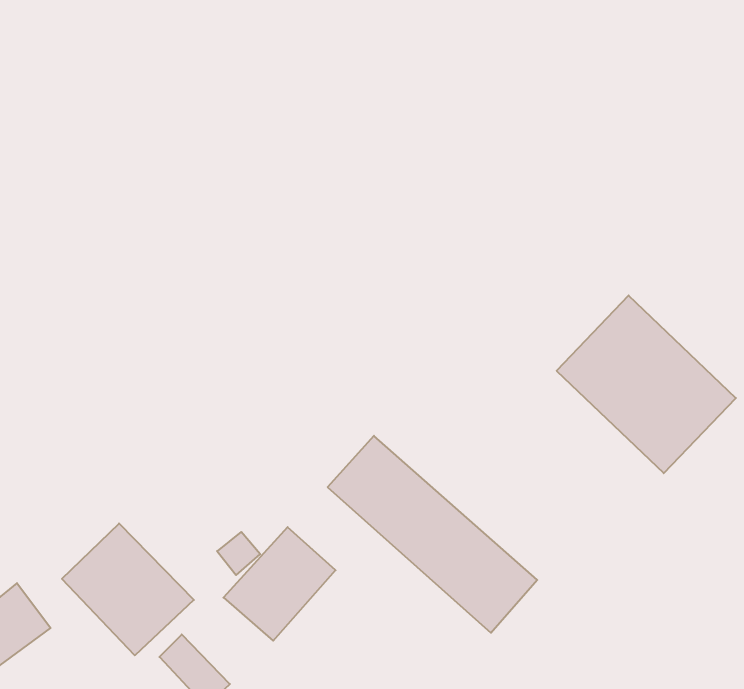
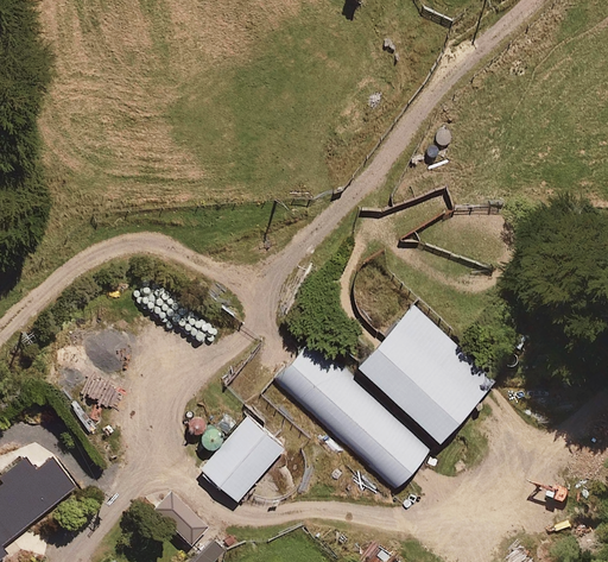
building: [557,295,736,473] -> [365,310,498,442]
building: [62,523,194,655] -> none

